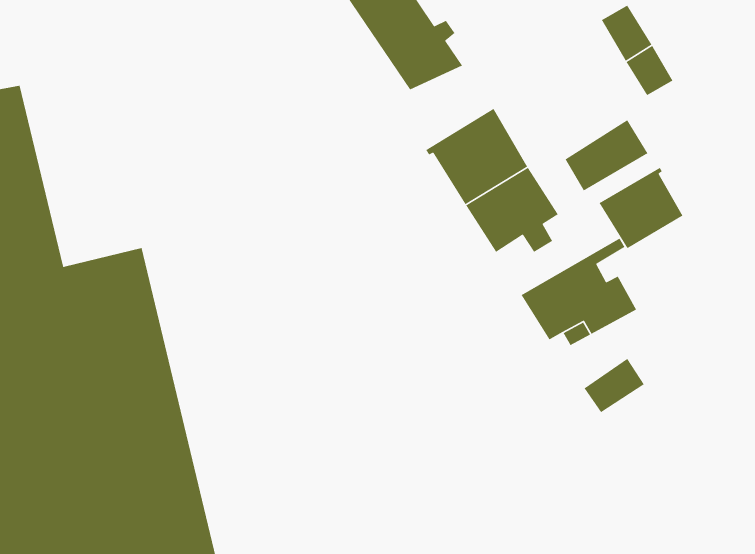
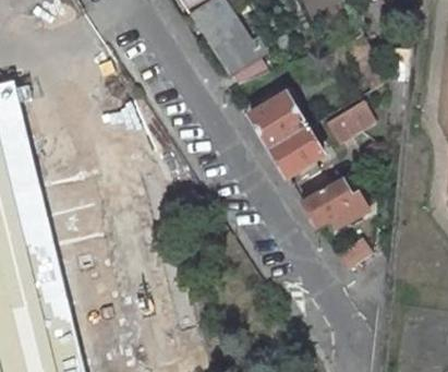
building: [598,167,684,249] -> none

